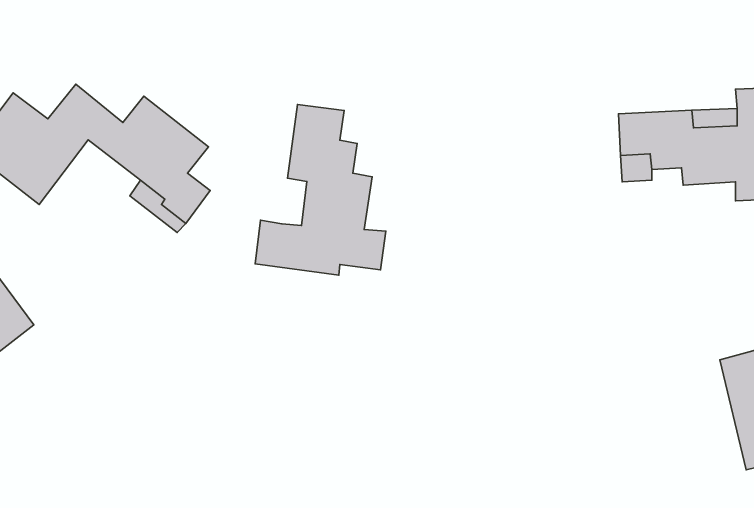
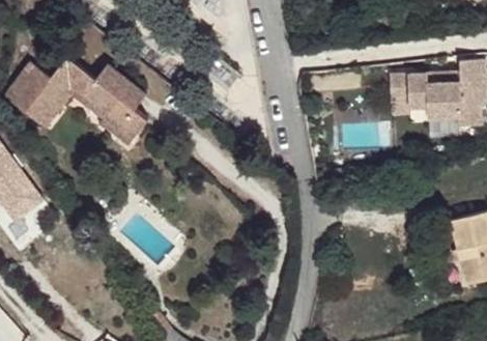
building: [255,104,386,275] -> none

